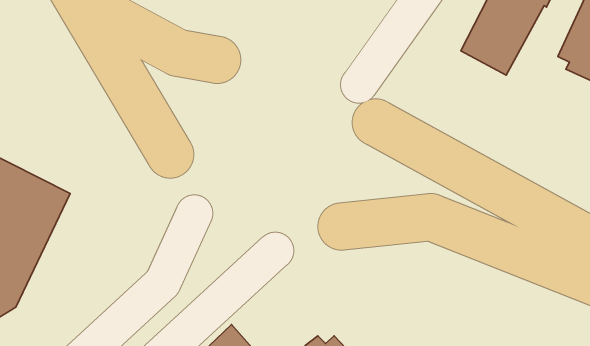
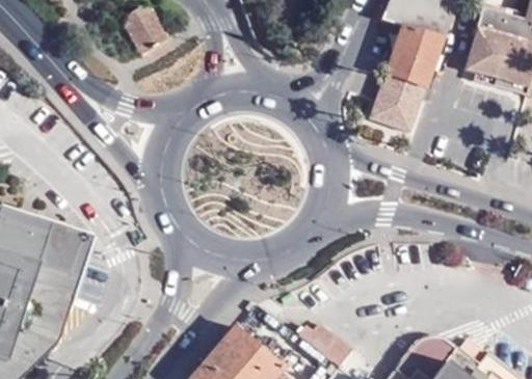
building: none -> [372,75,428,134]

